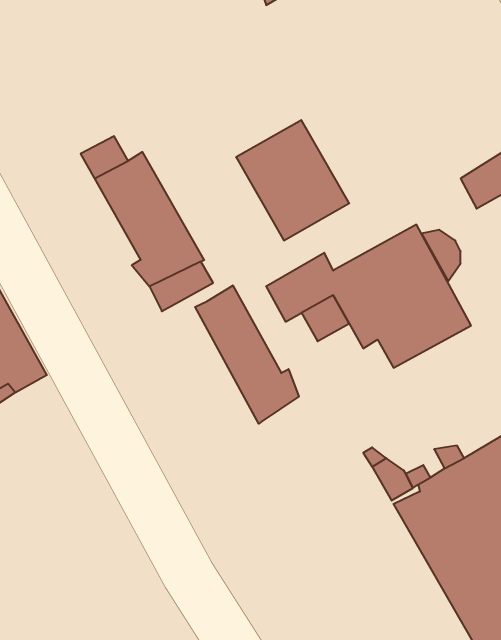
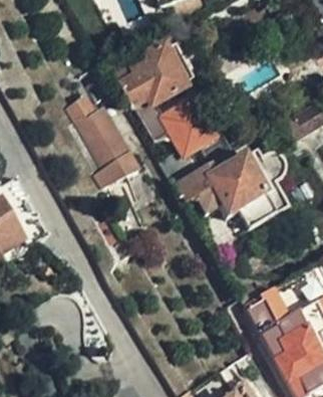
building: none -> [108,43,185,105]
building: [195,285,299,424] -> none

